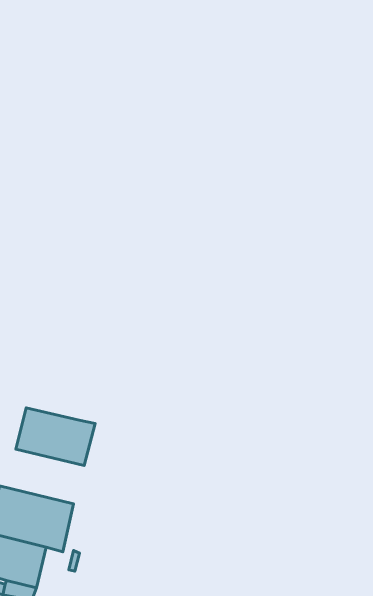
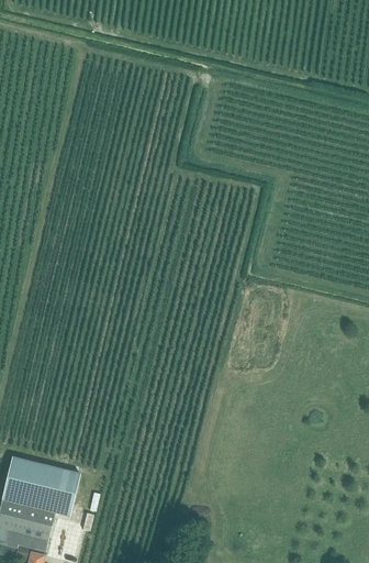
building: [16,408,95,466] -> none

